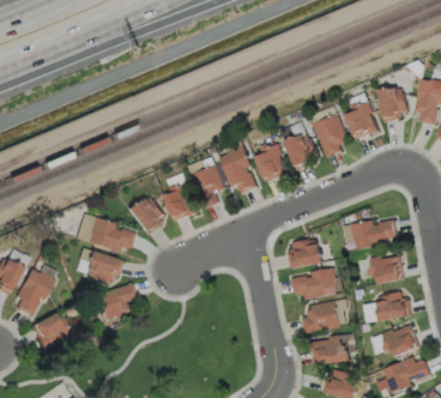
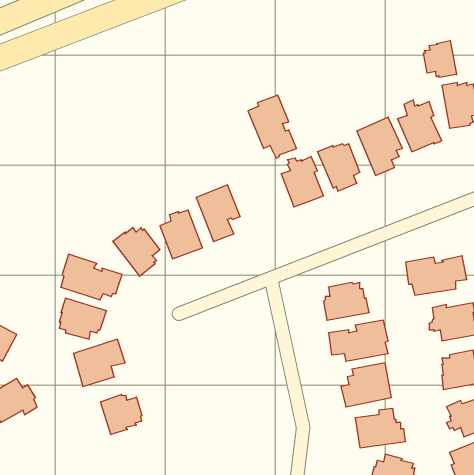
building: none -> [423,41,457,77]
building: [219,146,256,194] -> [248,95,297,158]
building: none -> [100,394,142,435]

